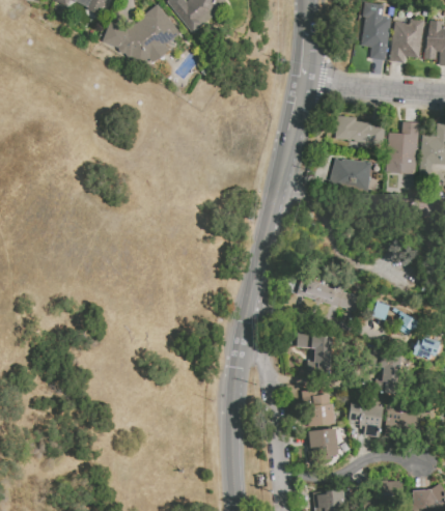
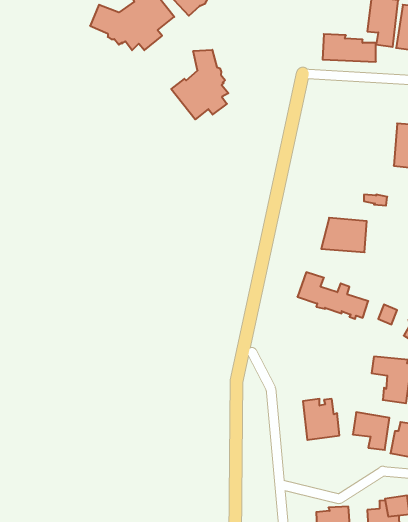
building: none -> [171,50,228,119]
building: [334,116,384,142] -> [323,34,376,62]
building: [328,159,370,191] -> [321,218,367,252]
building: [296,331,333,372] -> none
building: [308,427,339,457] -> none

